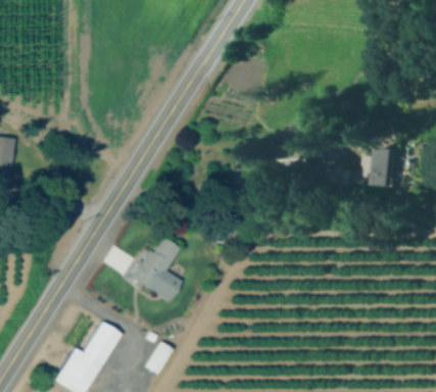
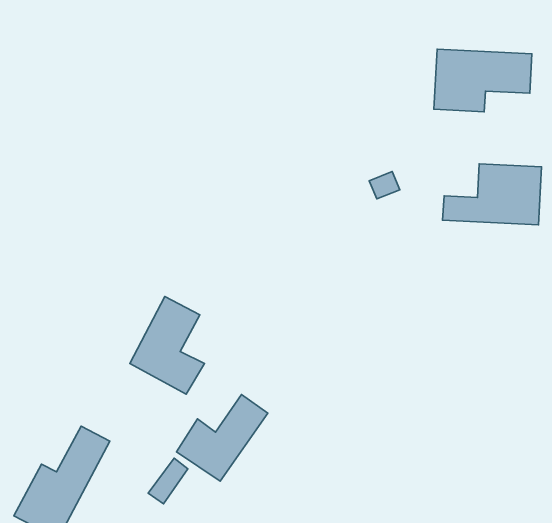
building: none -> [434,49,532,112]
building: none -> [177,394,268,481]

